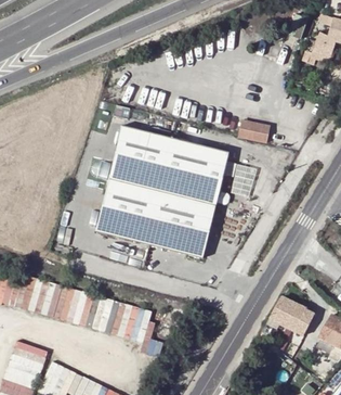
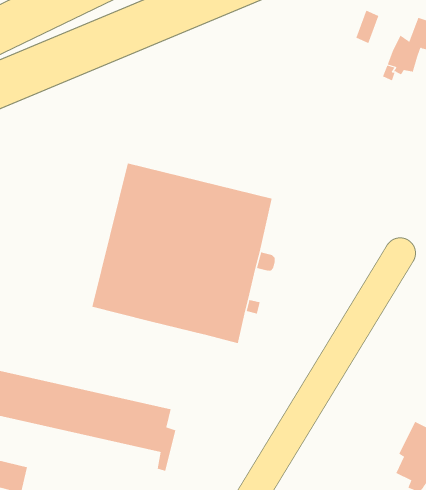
building: [237,119,271,142] -> none
building: [266,297,312,335] -> none

